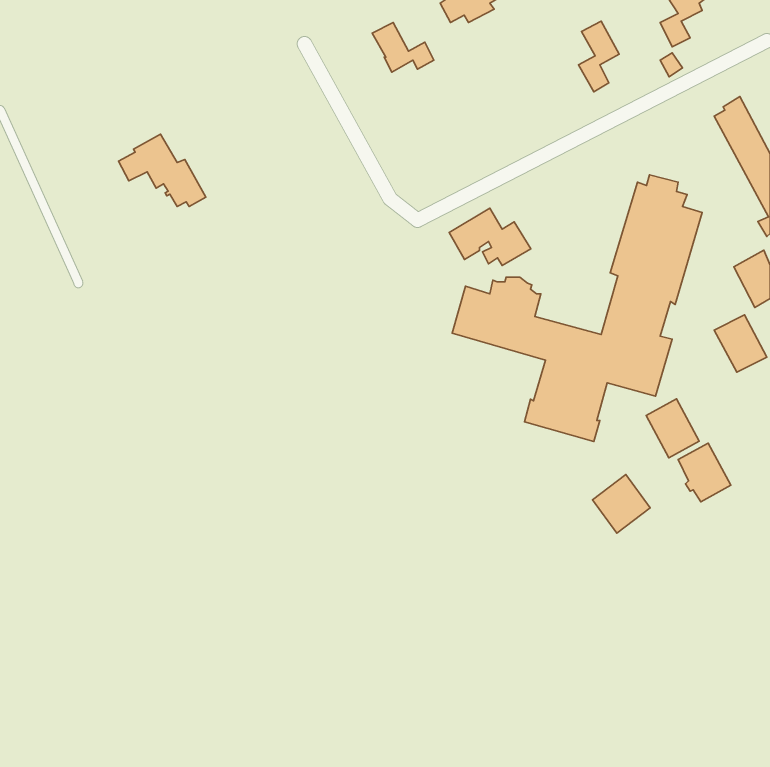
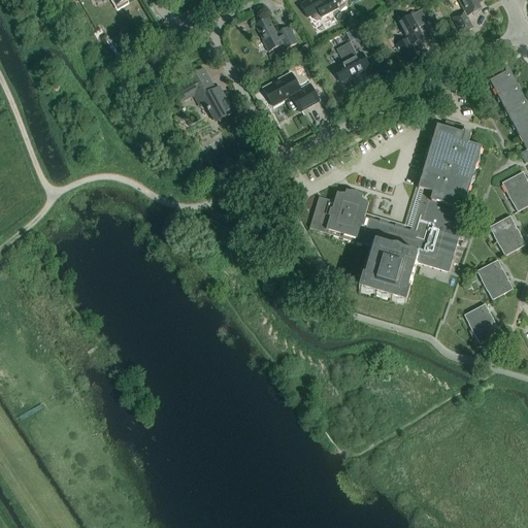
building: none -> [333,41,369,81]
building: [118,134,206,206] -> [174,68,234,118]
building: [449,208,531,265] -> [264,72,320,111]
building: [646,399,699,458] -> [476,259,513,299]
building: [592,474,650,533] -> none

